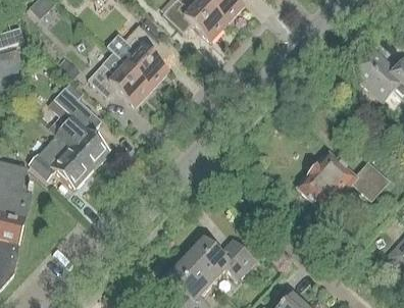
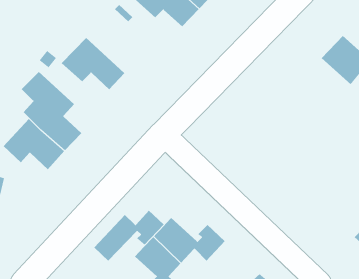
building: [107,23,171,88] -> none
building: [297,151,387,212] -> none
building: none -> [94,210,164,261]

